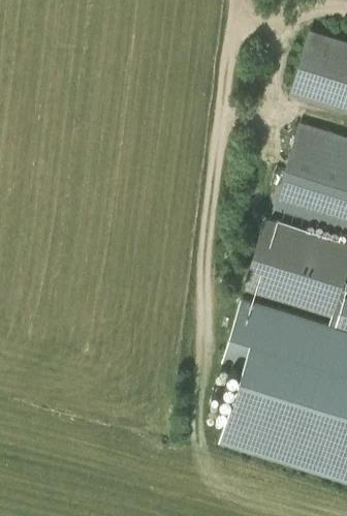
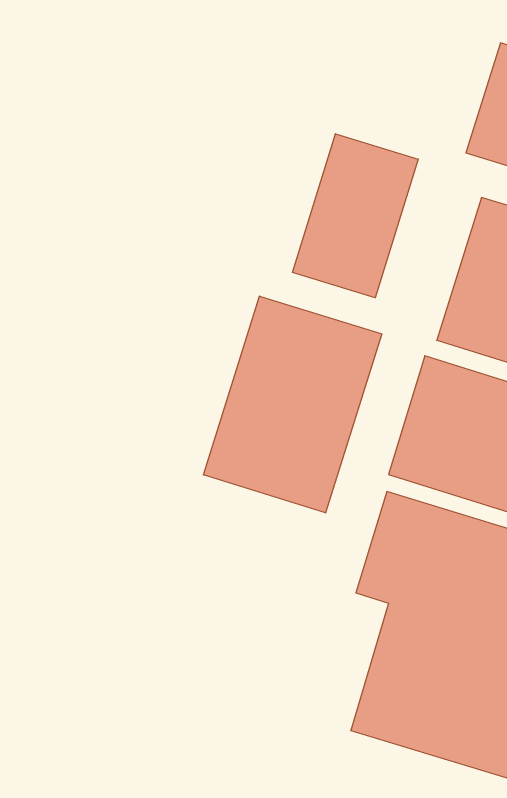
building: none -> [292,134,418,298]
building: none -> [203,296,382,513]

